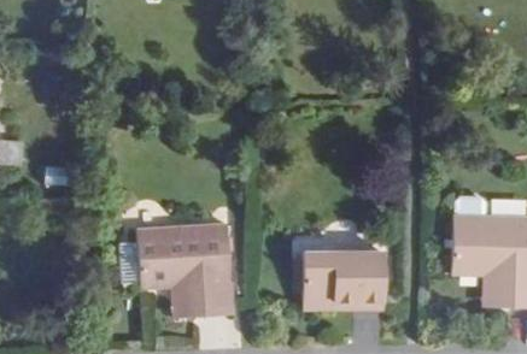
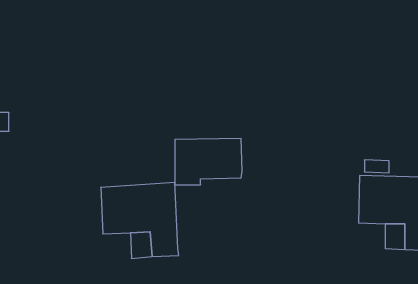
building: [301,253,383,309] -> [175,139,242,185]

